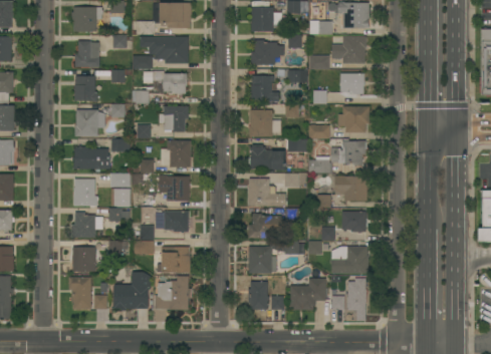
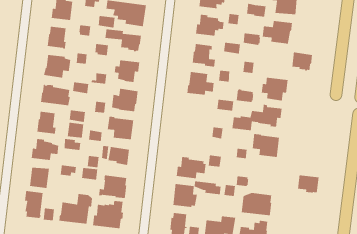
building: [340,73,364,95] -> [291,51,313,71]
building: [250,144,285,169] -> none
building: [248,179,286,206] -> none
building: [341,212,366,233] -> [297,174,320,194]

